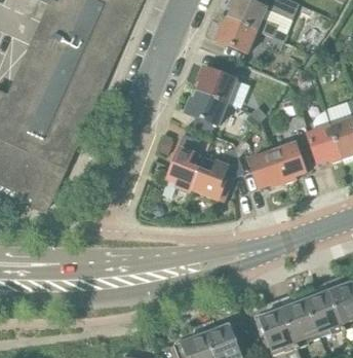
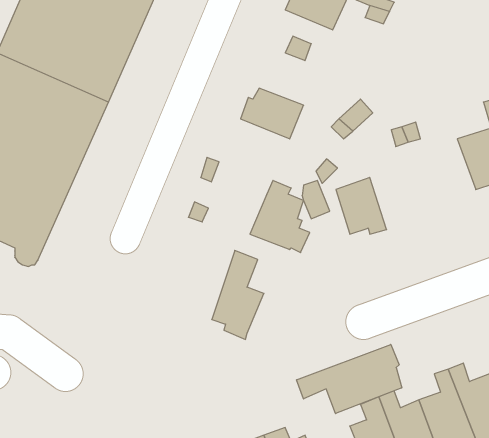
building: [198,66,236,102] -> none
building: [307,124,343,164] -> none
building: [168,133,203,192] -> [212,250,264,339]
building: [272,142,306,185] -> none
building: none -> [297,344,402,414]

